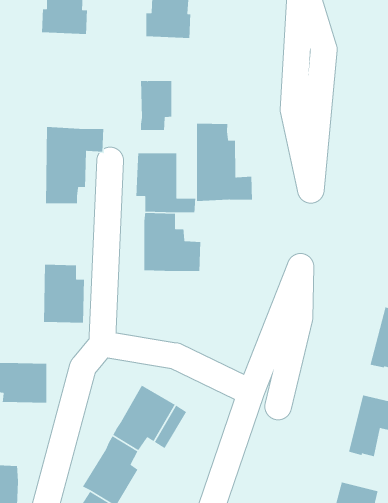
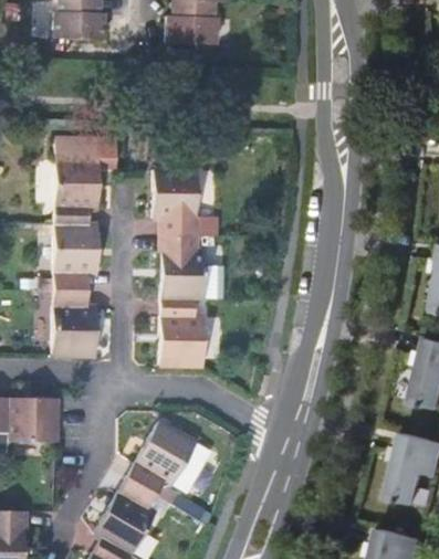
building: [140,80,172,131] -> none
building: [196,123,253,202] -> none
building: none -> [52,226,97,293]
building: none -> [159,299,203,366]

